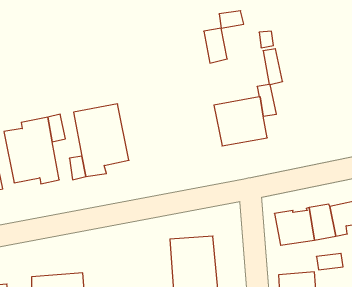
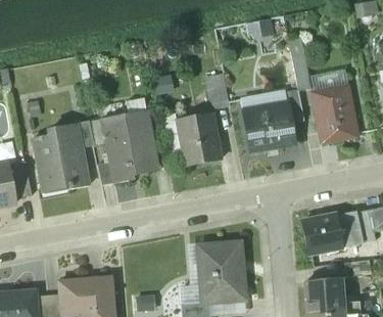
building: [204,28,227,63] -> [205,75,229,109]
building: none -> [312,86,357,143]
building: none -> [177,114,221,166]

